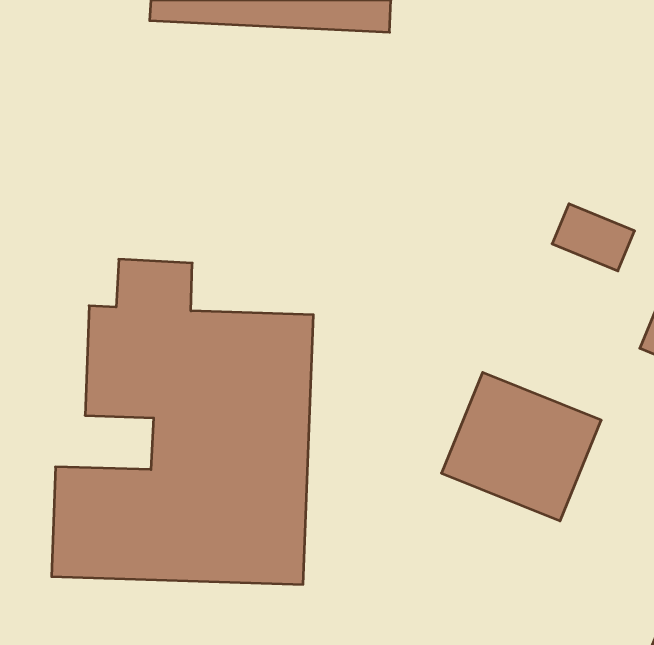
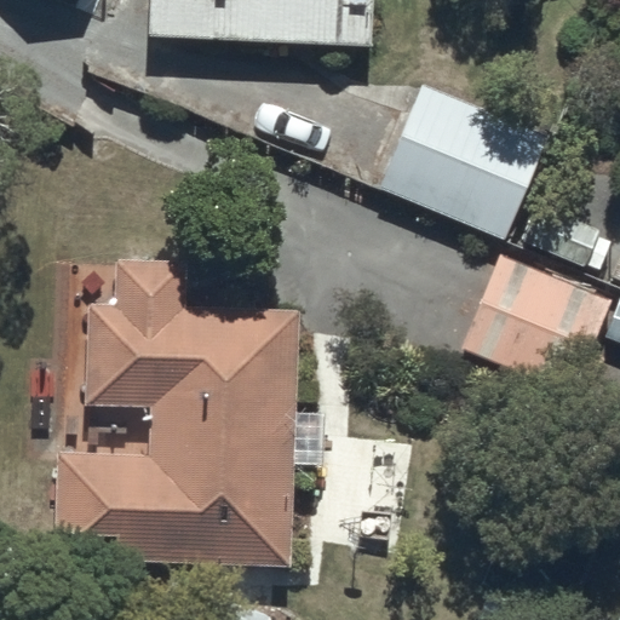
building: none -> [379,85,547,241]
building: [441,372,601,521] -> [460,254,610,394]

